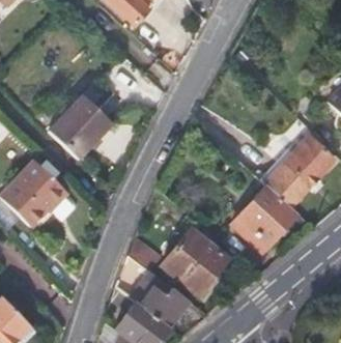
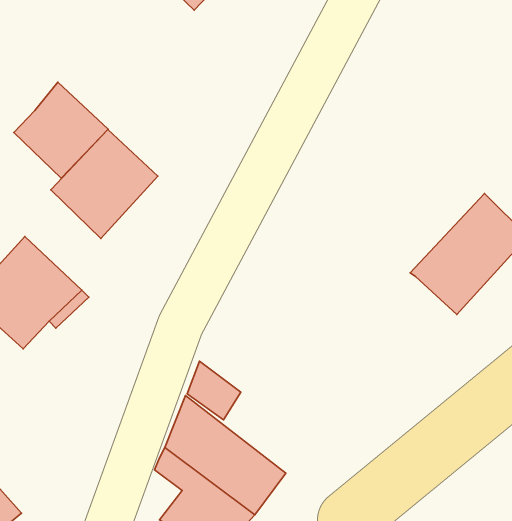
building: none -> [14,82,108,178]
building: [231,183,299,250] -> none
building: [161,228,228,295] -> none

